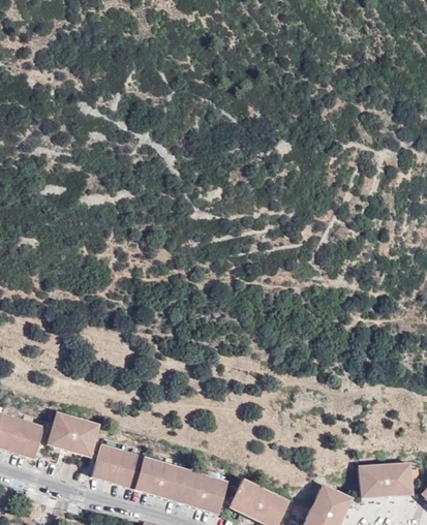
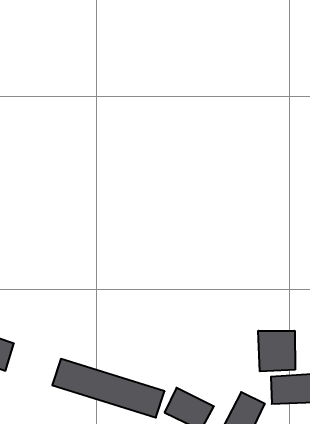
building: none -> [258,331,295,371]
building: [49,410,101,457] -> none

